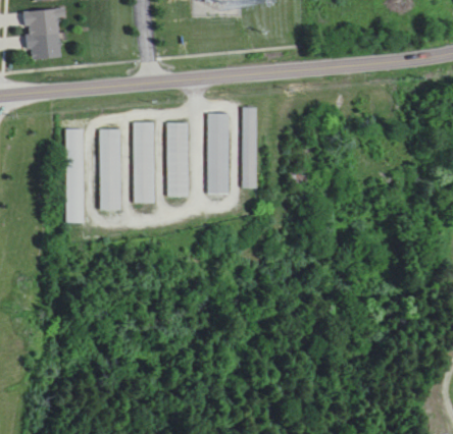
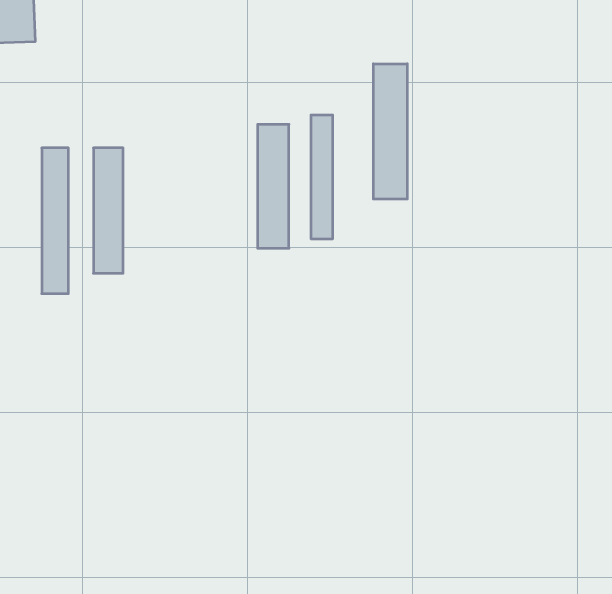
building: none -> [373,64,407,199]
building: [134,120,153,202] -> none
building: [167,121,187,195] -> none

